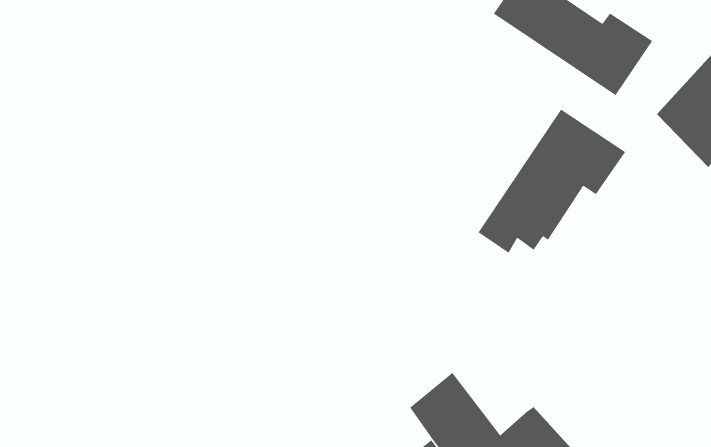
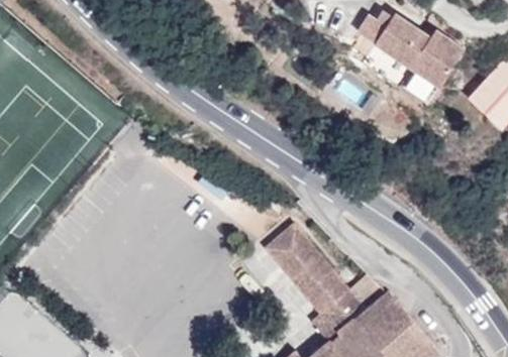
building: [478,108,626,254] -> none
building: none -> [265,225,330,295]

